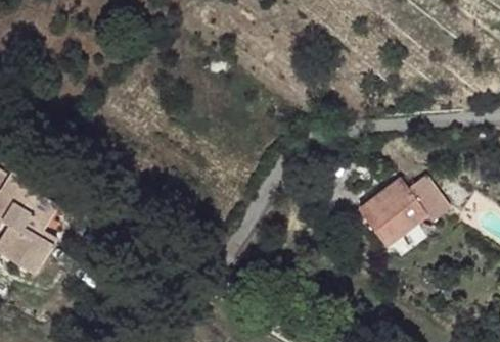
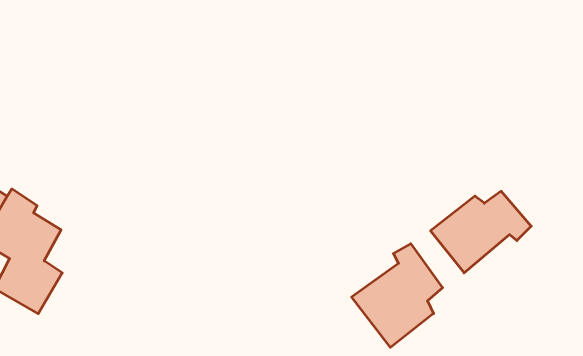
building: none -> [352,244,443,347]

